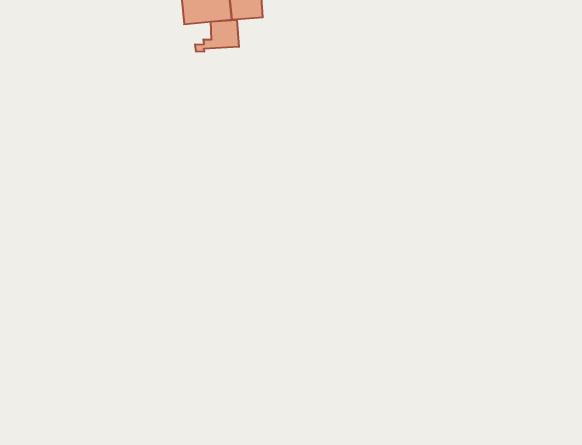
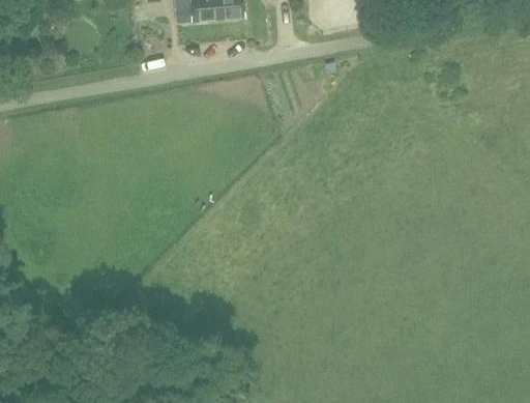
building: [195,20,239,52] -> none

